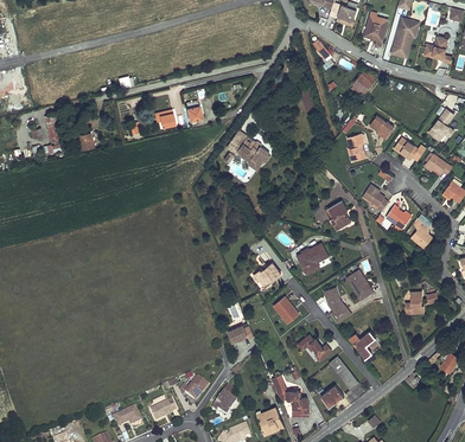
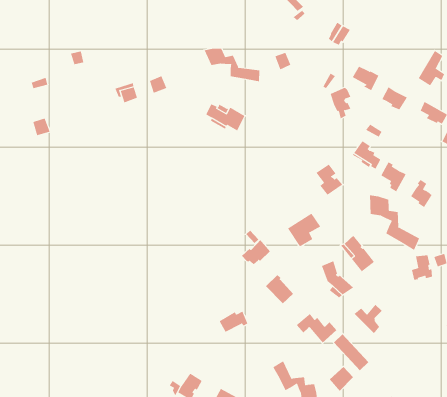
building: none -> [204,48,260,82]
building: none -> [370,194,420,251]

